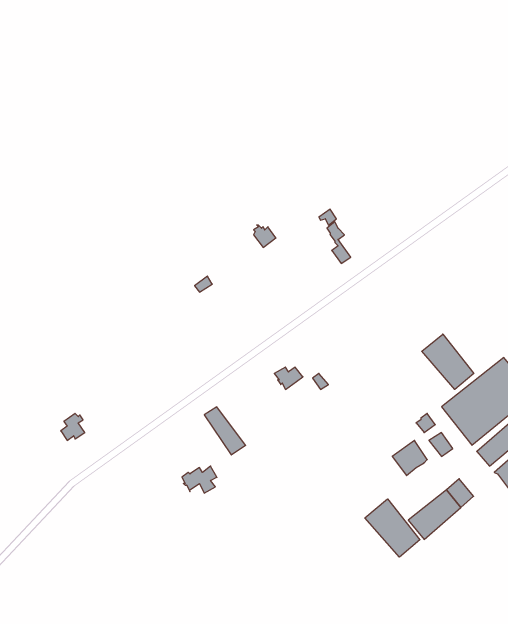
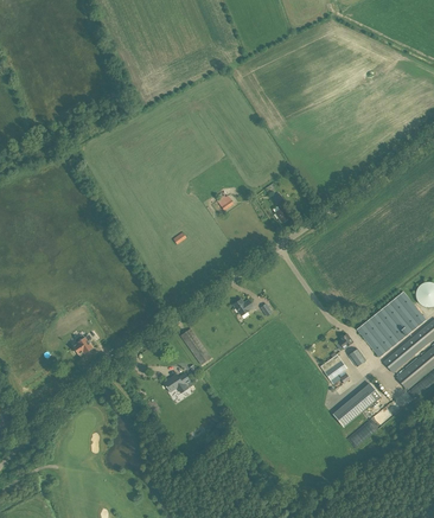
building: [422,334,474,389] -> none
building: [365,499,420,557] -> none

